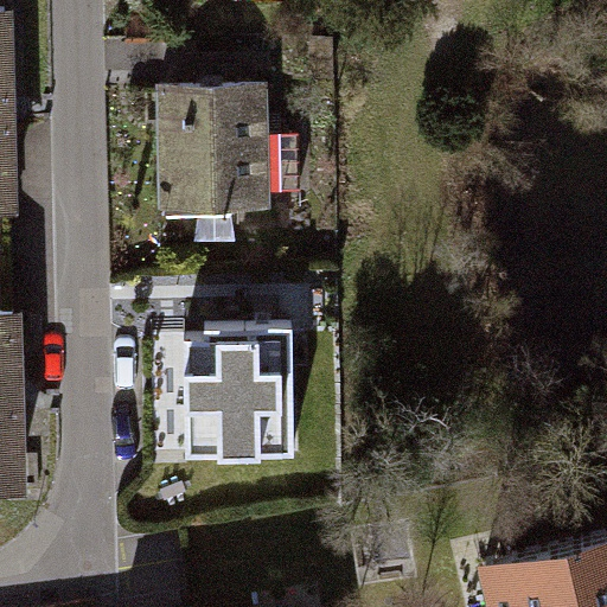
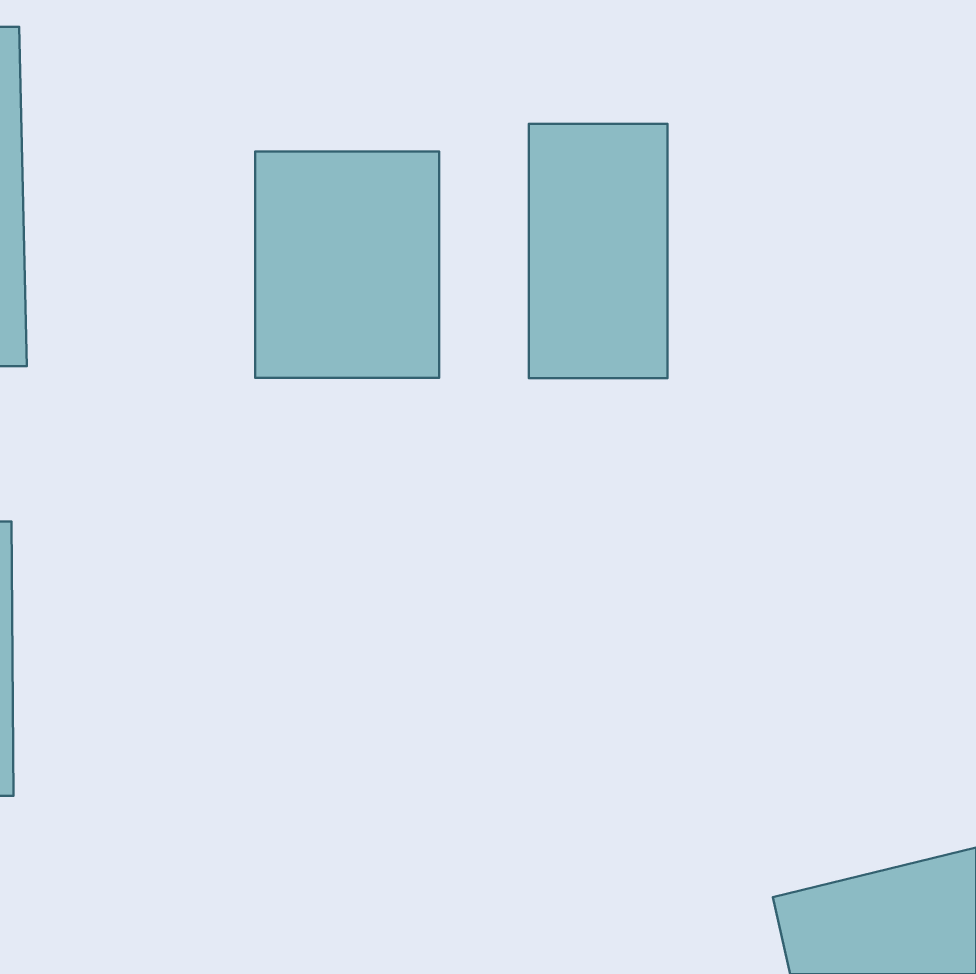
building: none -> [529,124,667,378]
building: [199,333,290,460] -> none

